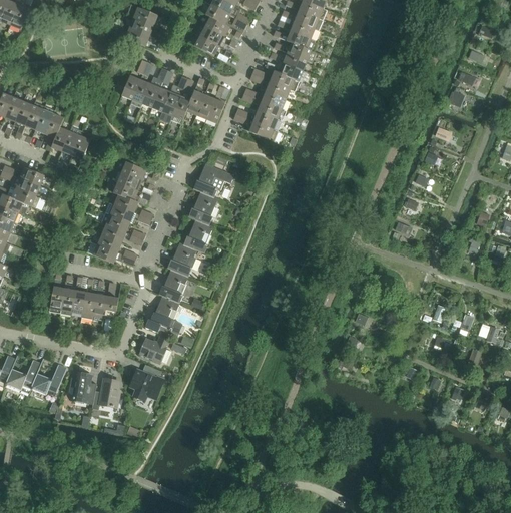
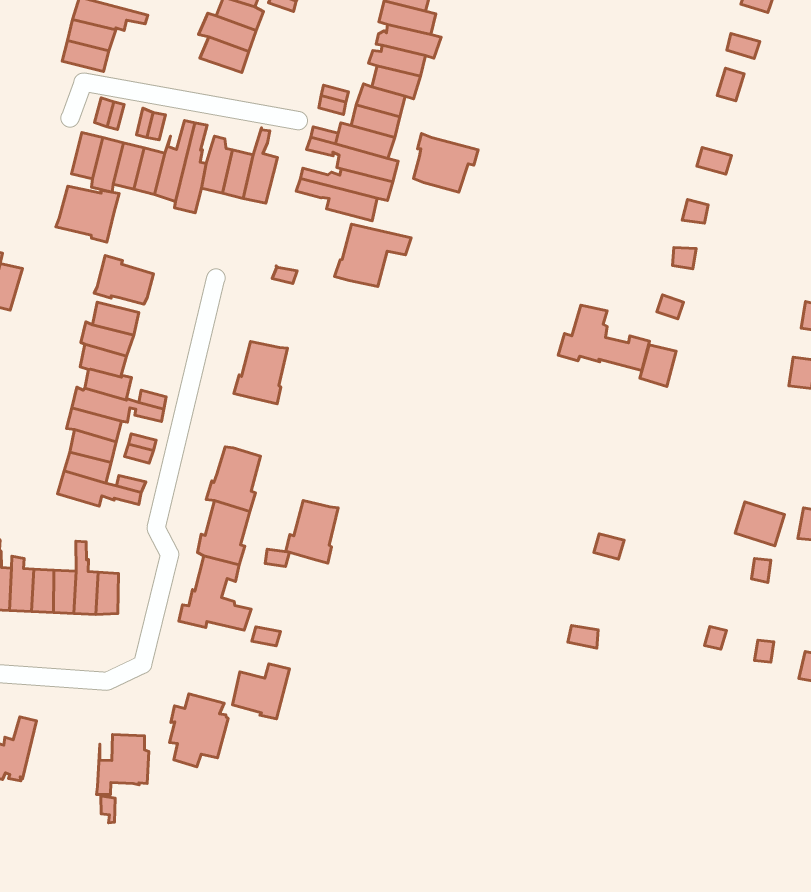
building: none -> [414,133,478,192]
building: none -> [56,186,119,242]
building: none -> [94,256,153,304]
building: [192,163,233,196] -> [335,224,411,287]
building: none -> [558,305,650,370]
building: [183,219,212,252] -> [286,501,338,563]
building: [138,335,169,363] -> [233,664,290,719]
building: [68,372,96,405] -> none

